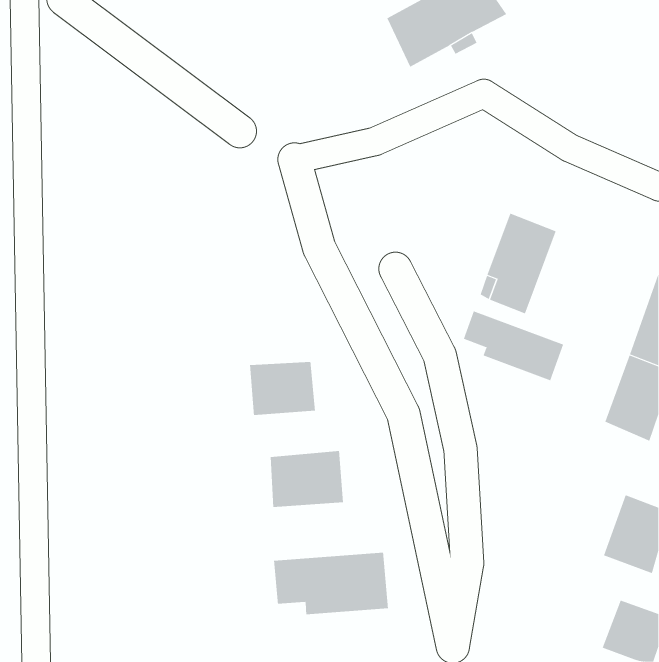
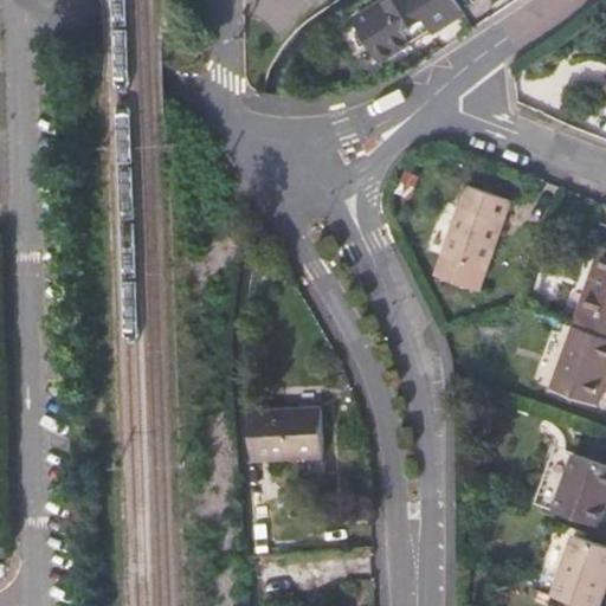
building: [463,310,564,381] -> none
building: [250,361,316,416] -> none
building: [273,552,388,615] -> none

